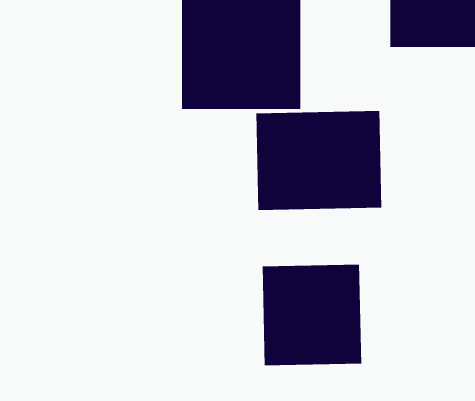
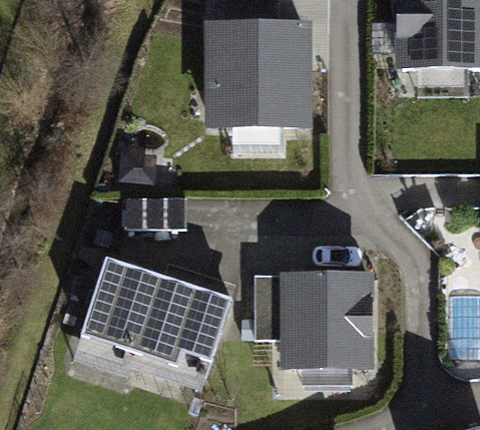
building: [255,110,382,211] -> none
building: none -> [78,254,235,367]

